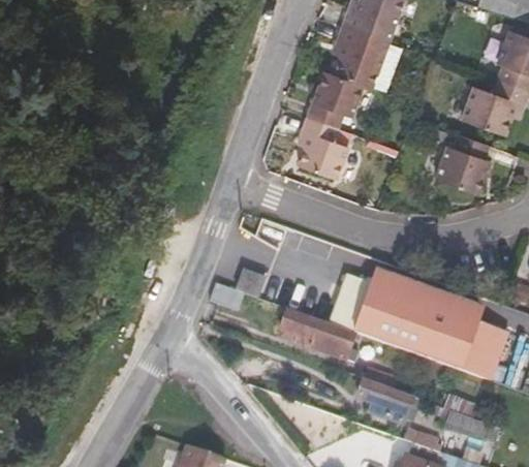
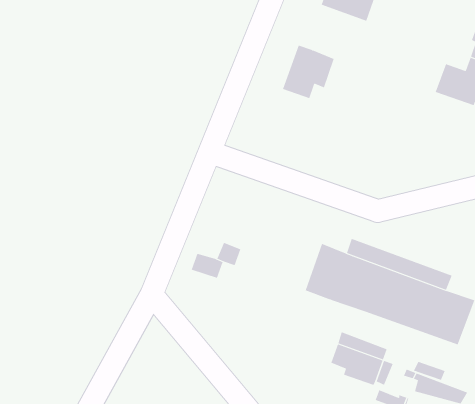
building: [337,23,394,86] -> none
building: [298,112,349,172] -> none
building: [439,132,494,191] -> none
building: [278,310,359,365] -> none

